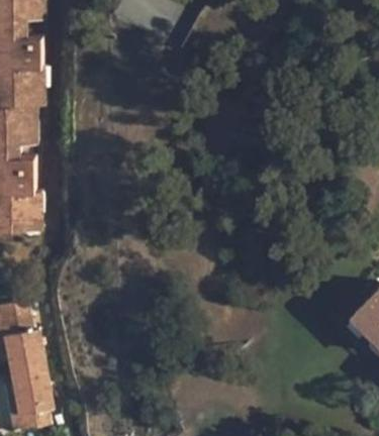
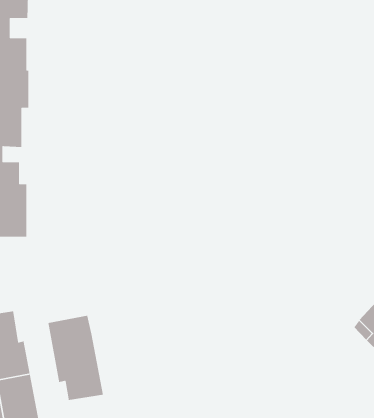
building: none -> [48,315,104,401]

